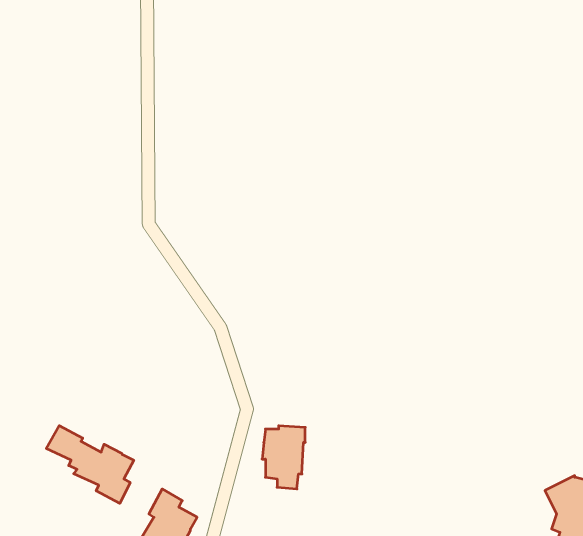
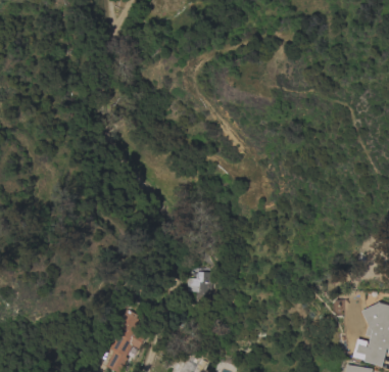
building: [46,426,134,503] -> none

